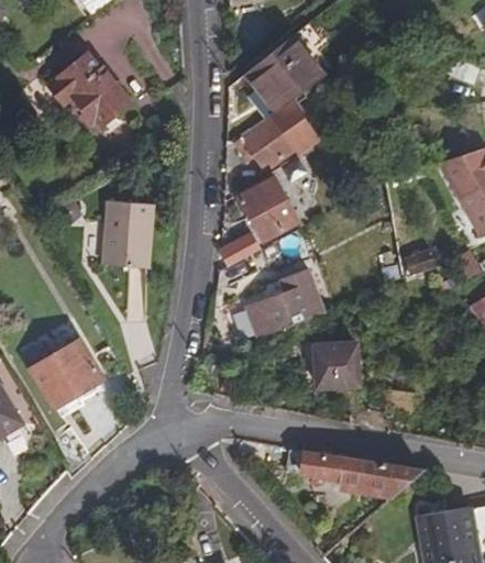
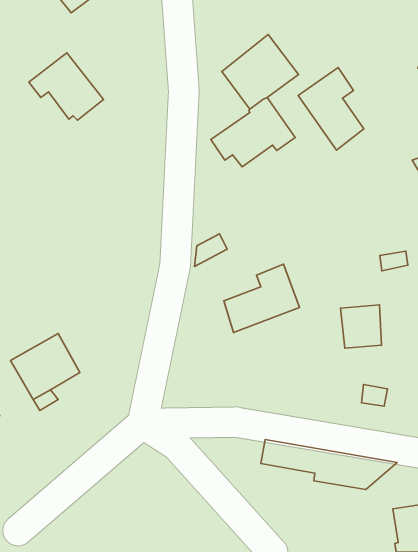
building: none -> [298,67,364,150]
building: [239,176,299,240] -> none
building: [100,199,152,266] -> none
building: [316,341,357,385] -> [340,305,382,348]

